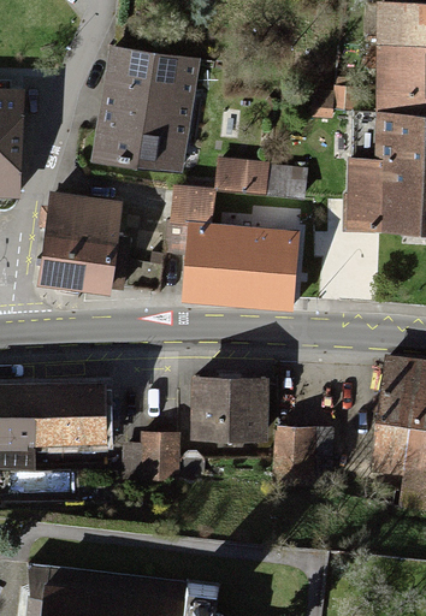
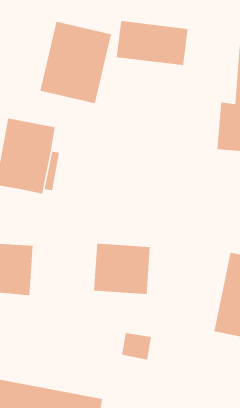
building: none -> [116,20,188,66]
building: [171,170,300,306] -> none
building: [273,432,315,469] -> [121,333,152,360]
building: [141,438,172,491] -> none

